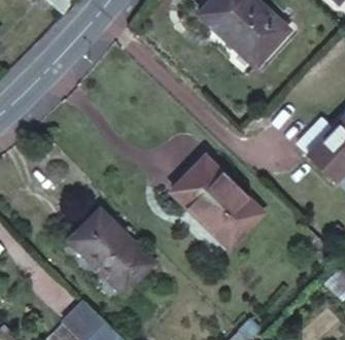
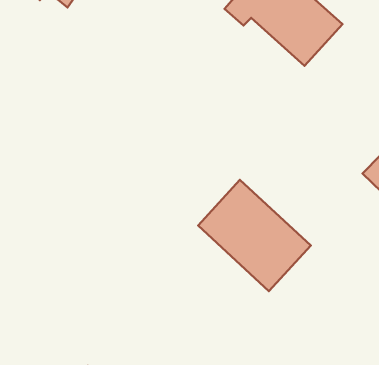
building: [73,214,153,295] -> none

